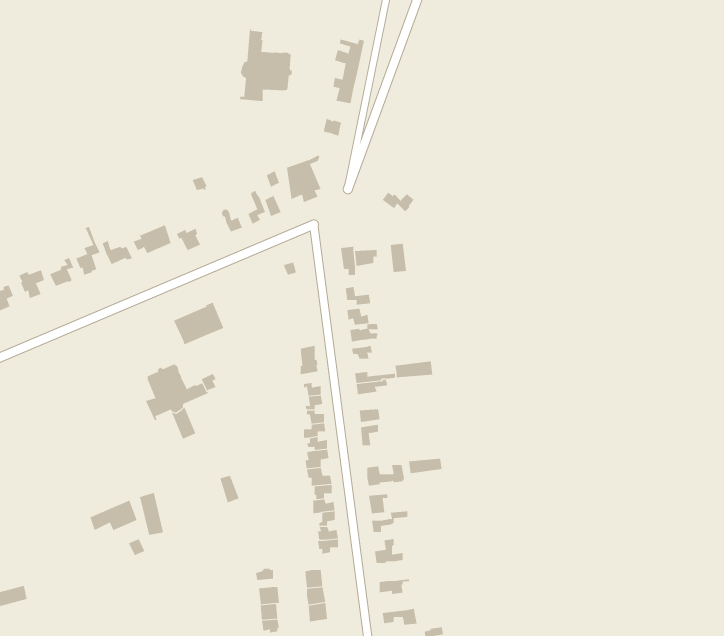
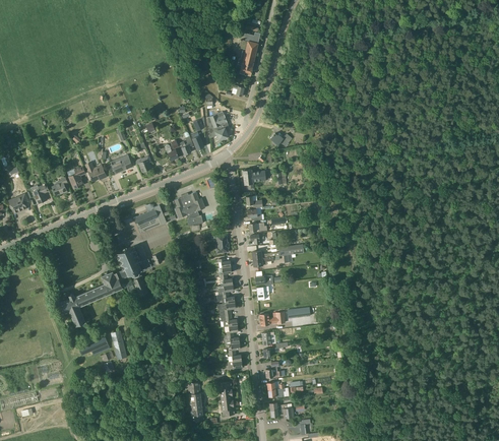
building: [240,28,292,102] -> none
building: none -> [175,191,205,226]
building: none -> [60,270,123,325]

